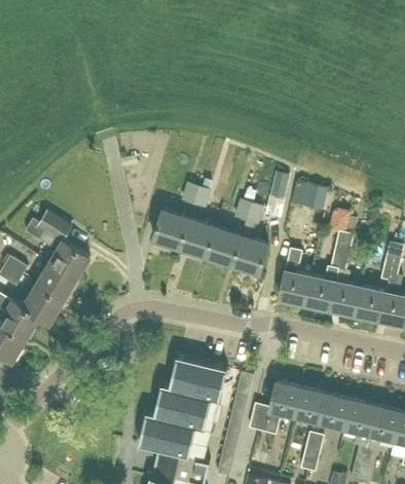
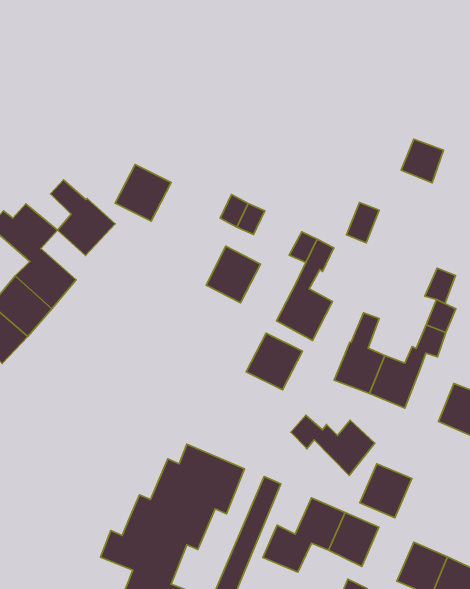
building: [301,185,328,213] -> [401,139,444,183]
building: none -> [50,180,115,256]
building: [152,211,188,248] -> [115,164,171,221]
building: [205,227,241,264] -> [246,333,302,390]
building: [329,281,360,314] -> none
building: none -> [291,415,375,476]
building: [318,394,351,429] -> [360,464,412,518]

